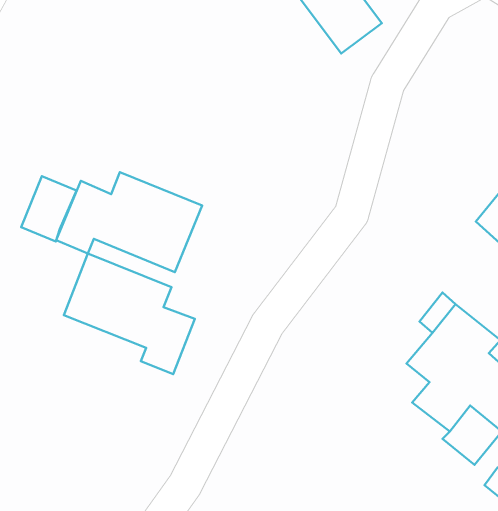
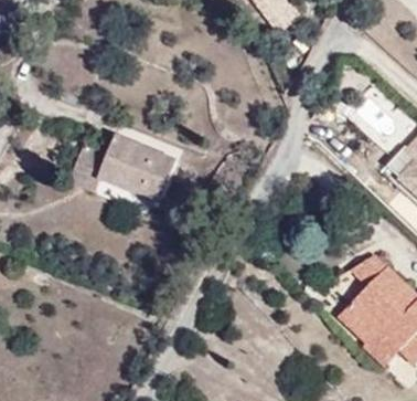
building: [21,176,76,241] -> none
building: [64,253,195,374] -> none

